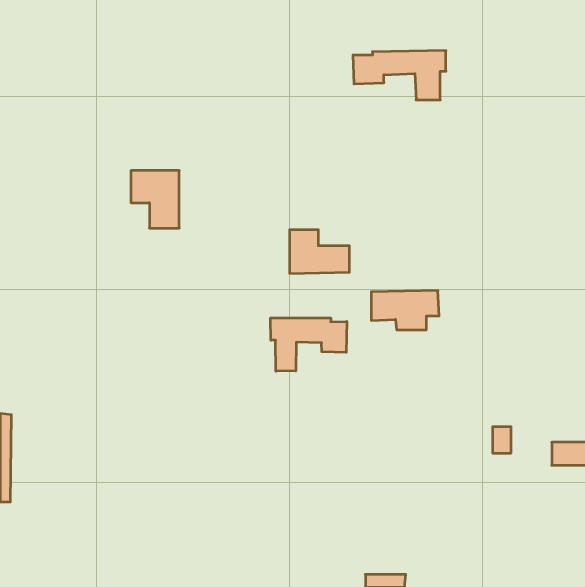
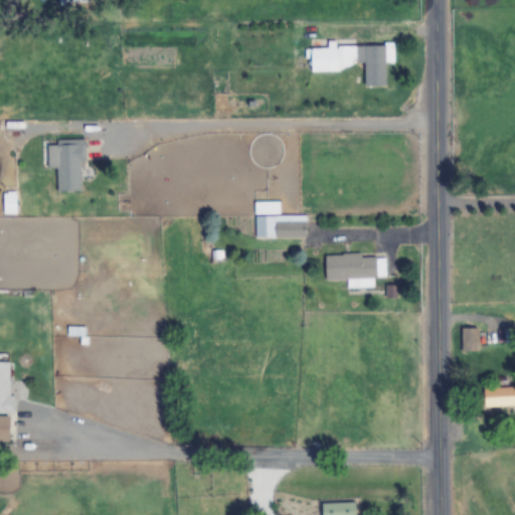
building: [131,171,179,228] -> [42,142,84,192]
building: [271,318,347,371] -> none
building: [493,427,511,453] -> [463,329,479,352]

